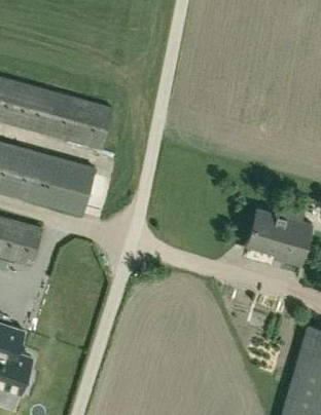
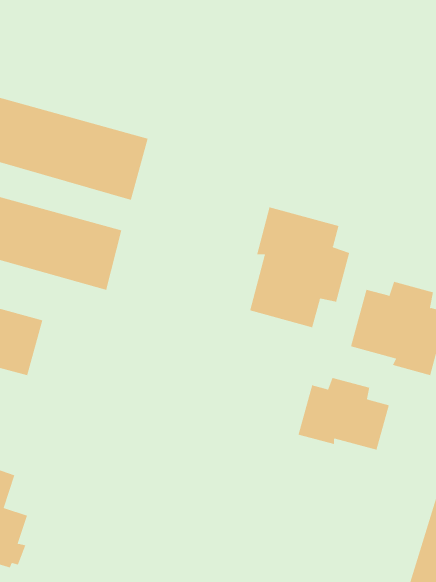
building: none -> [249,207,350,328]
building: none -> [298,377,389,451]

